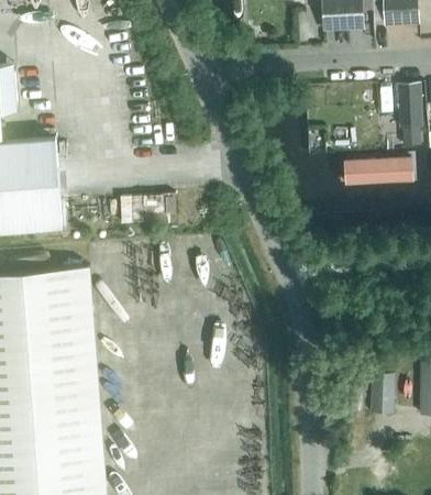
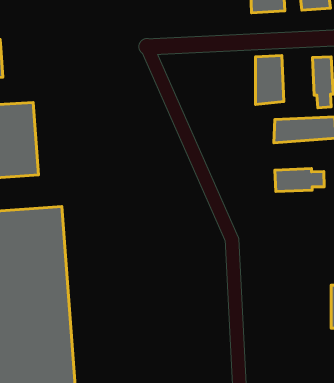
building: none -> [255,55,284,104]
building: none -> [275,169,324,192]
building: [371,375,393,416] -> none

